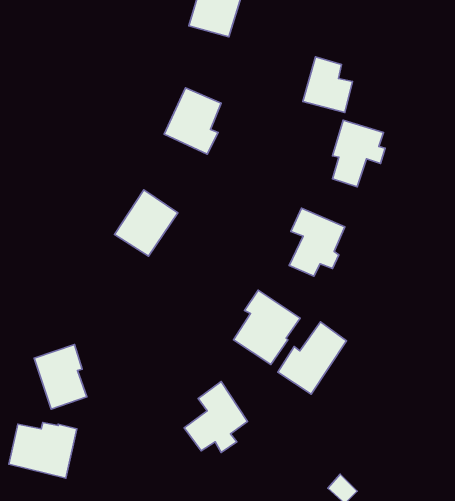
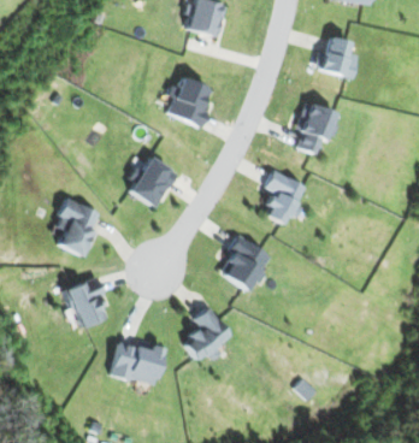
building: [303,57,352,112] -> [320,36,359,79]
building: none -> [54,199,100,258]
building: [278,322,347,394] -> none
building: [9,423,77,478] -> [110,342,163,385]

